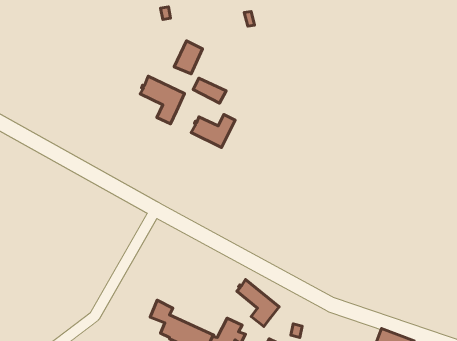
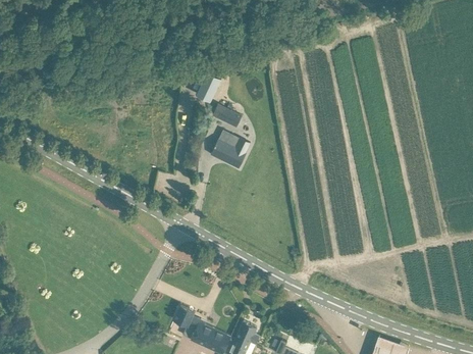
building: [140,76,184,124] -> none
building: [237,279,279,327] -> none

